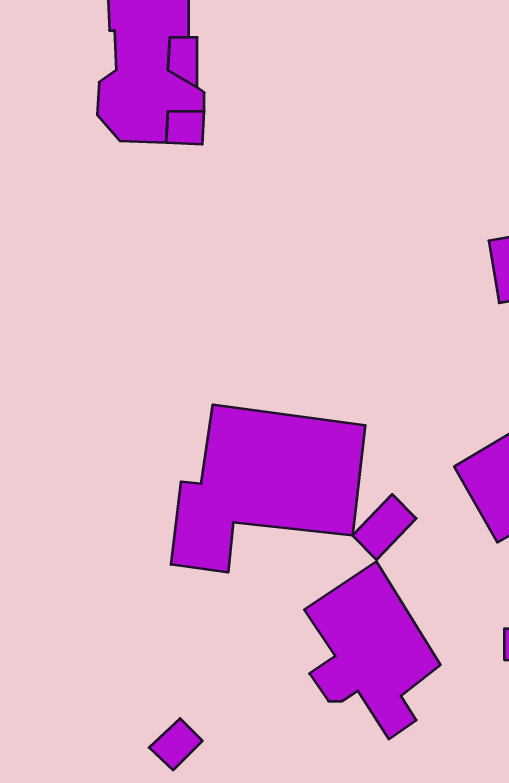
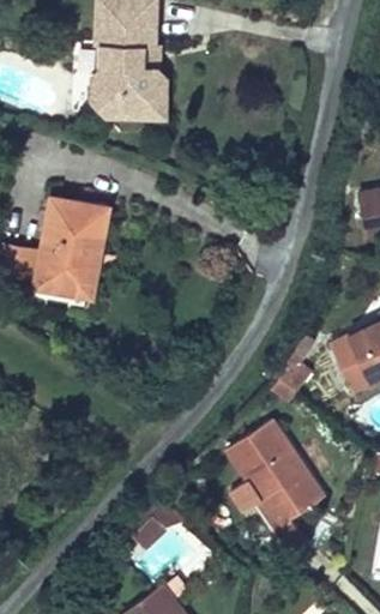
building: none -> [28,198,95,320]
building: [171,405,365,572] -> none

